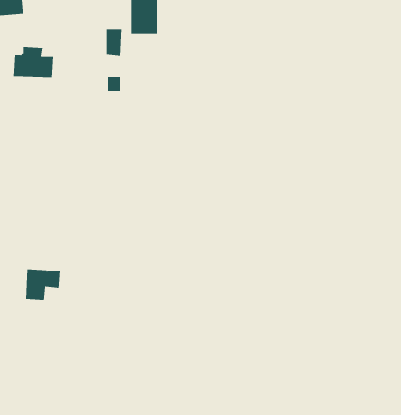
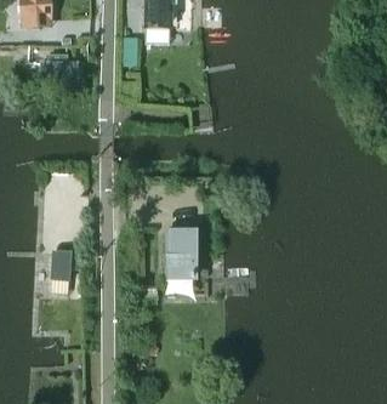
building: none -> [166,228,190,278]

